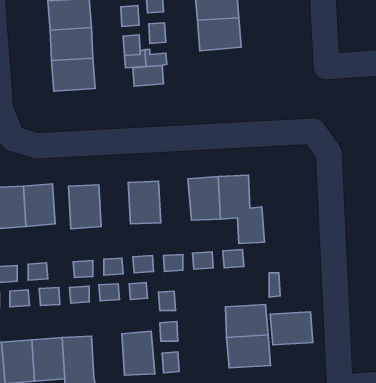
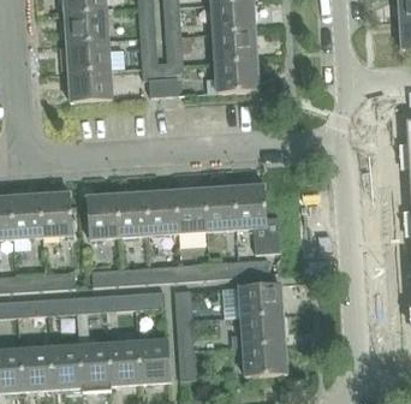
building: none -> [207,59,258,93]
building: none -> [175,189,208,232]
building: none -> [117,192,148,236]
building: [270,312,313,345] -> [239,283,281,315]
building: none -> [109,341,142,385]

